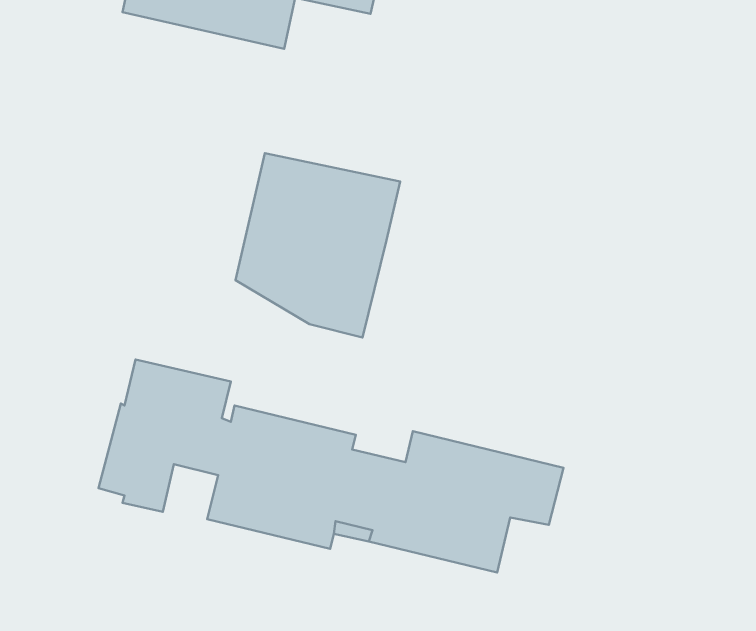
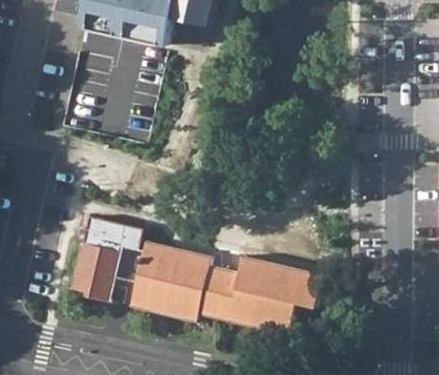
building: [235,153,400,337] -> none

